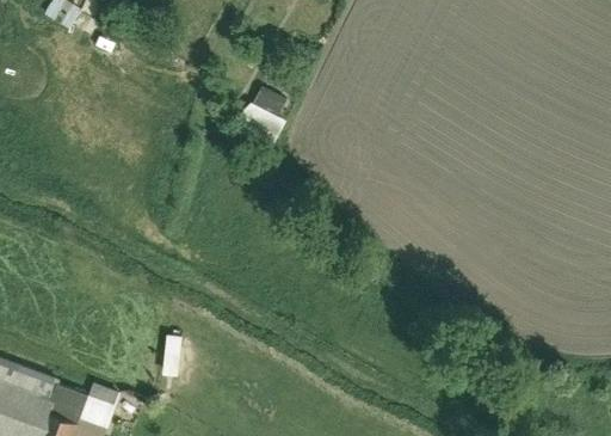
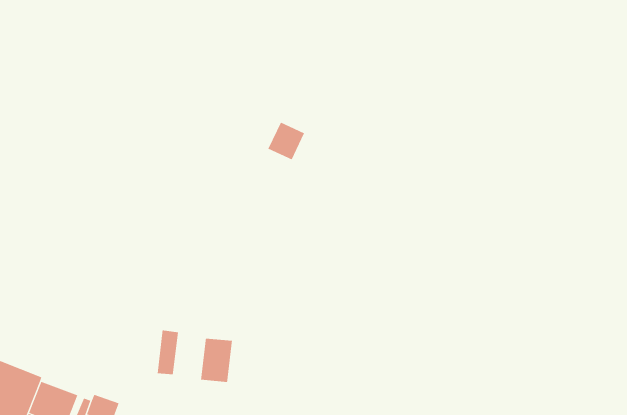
building: [251,88,285,124] -> [268,122,305,160]
building: none -> [200,338,233,383]

